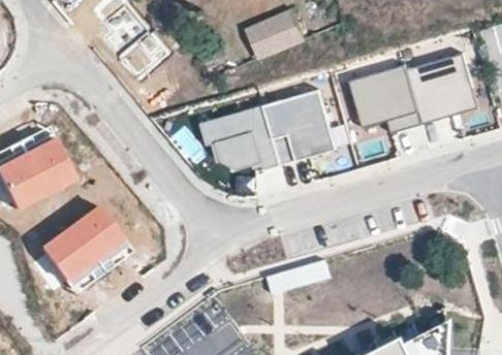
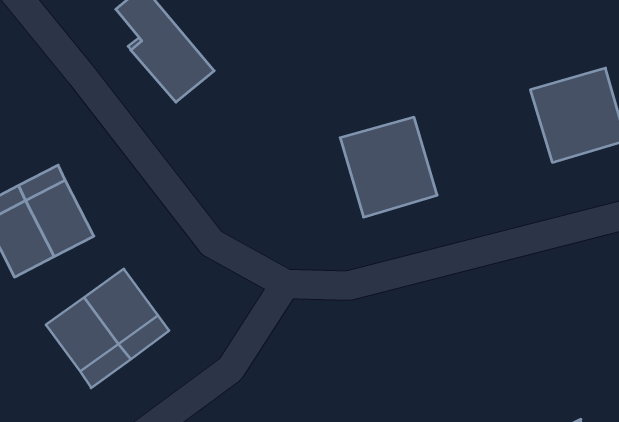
building: [246,13,303,61] -> none
building: [346,65,420,133] -> none
building: [198,105,278,170] -> none

